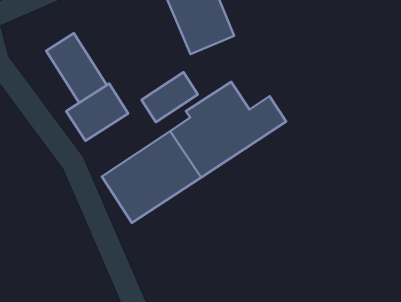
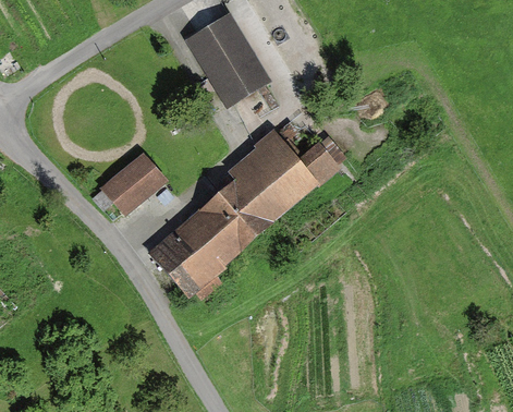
building: [46,33,107,103] -> none
building: [141,72,198,122] -> none

